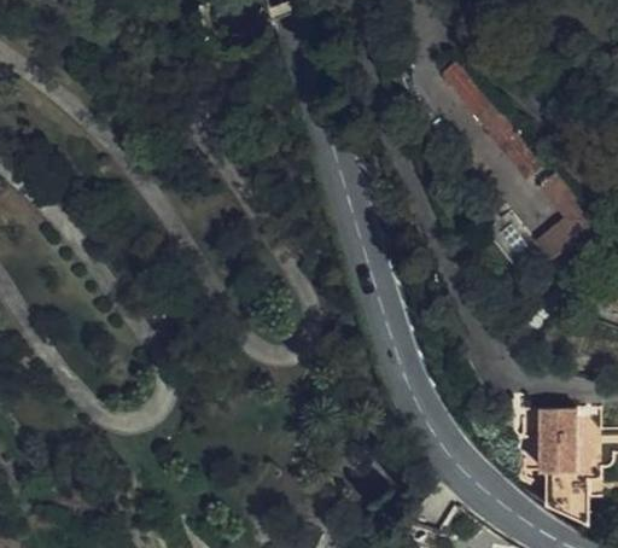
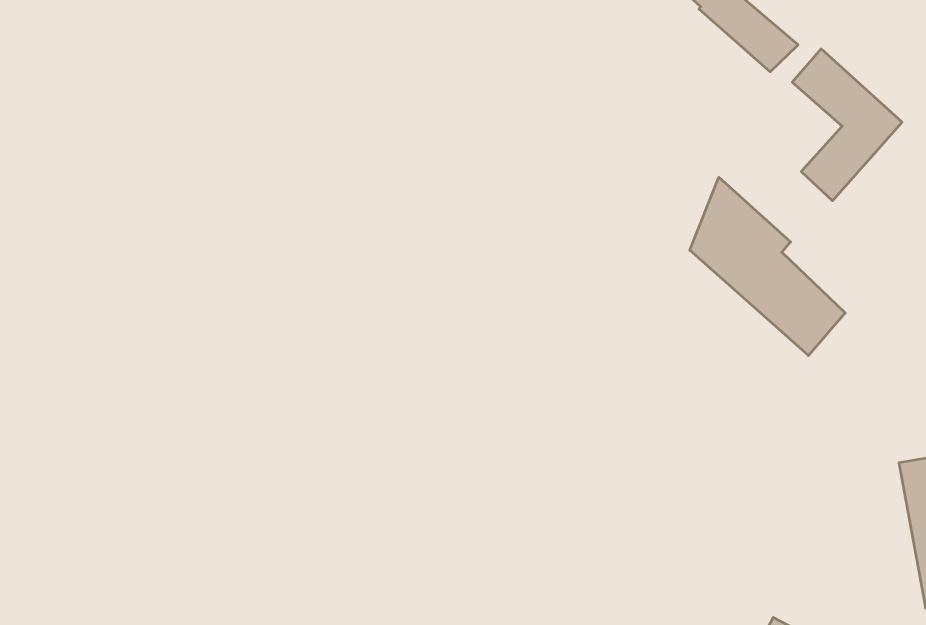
building: none -> [690,177,845,356]

